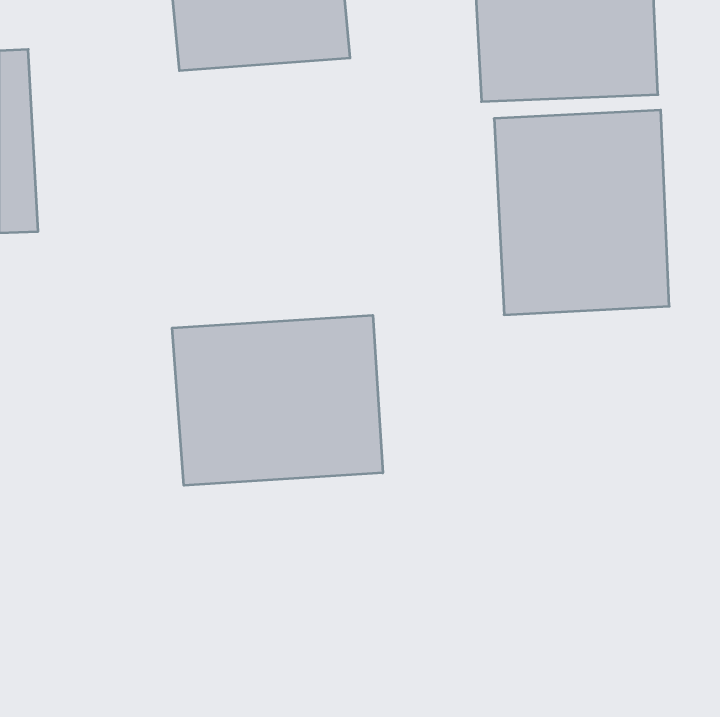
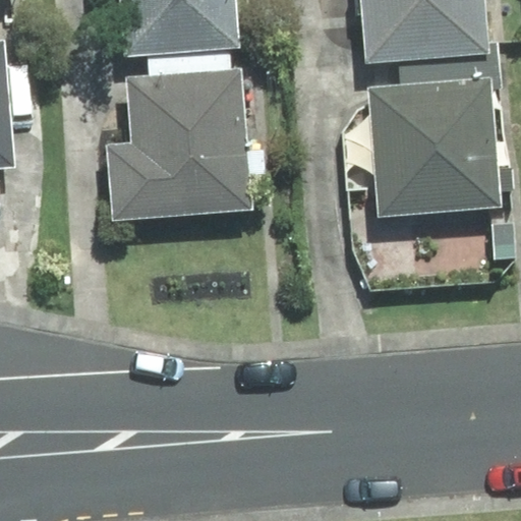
building: none -> [117,57,266,213]
building: [172,315,383,485] -> none

